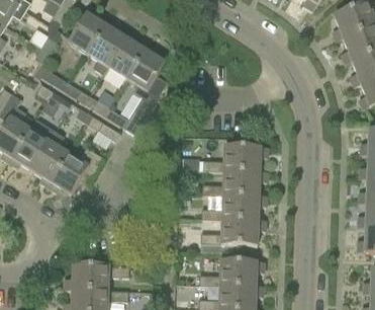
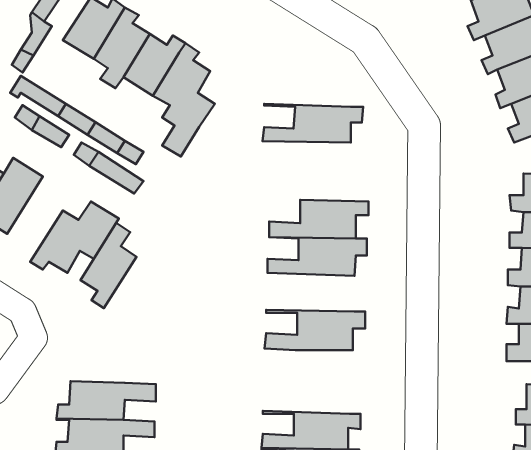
building: [31,130,68,185] -> [81,223,136,308]
building: [200,192,266,218] -> [262,104,363,143]
building: [198,258,263,285] -> none

